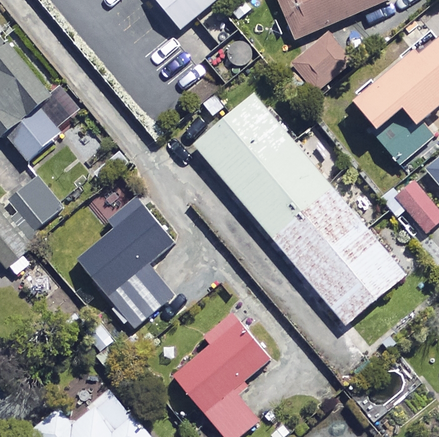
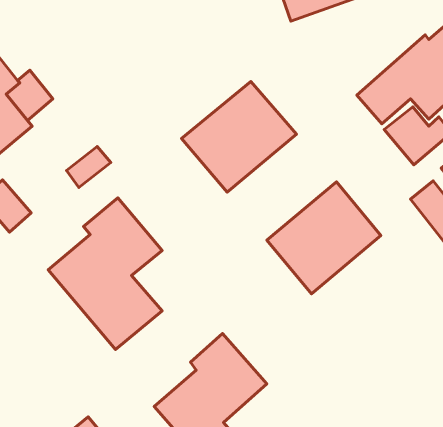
building: [292,37,349,92] -> none
building: [234,139,330,232] -> none
building: [308,228,407,325] -> none

